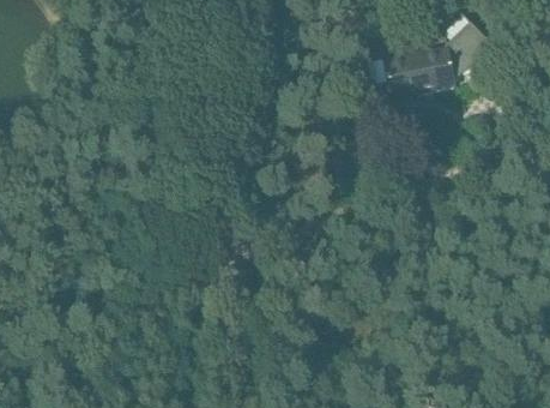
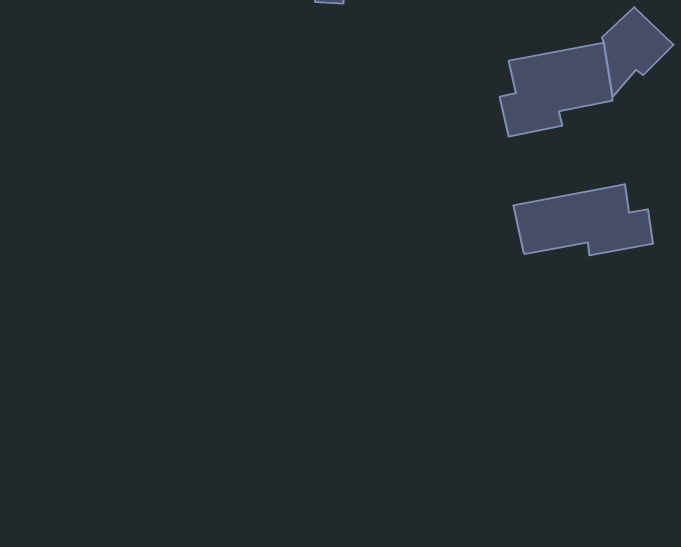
building: none -> [513,184,653,255]

